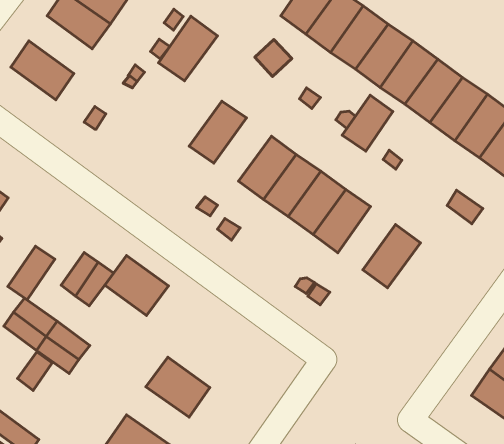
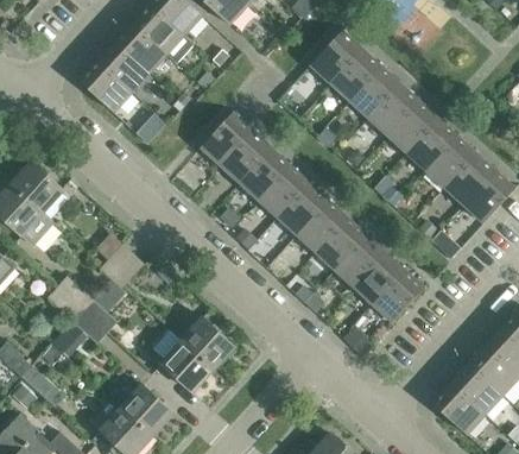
building: none -> [97,42,150,93]
building: [158,16,217,81] -> [201,112,253,165]
building: [342,95,393,151] -> none
building: none -> [240,147,291,200]
building: none -> [335,234,386,286]
building: none -> [373,270,424,322]
building: [8,246,55,300] -> none
building: [105,256,169,316] -> [182,317,235,370]

